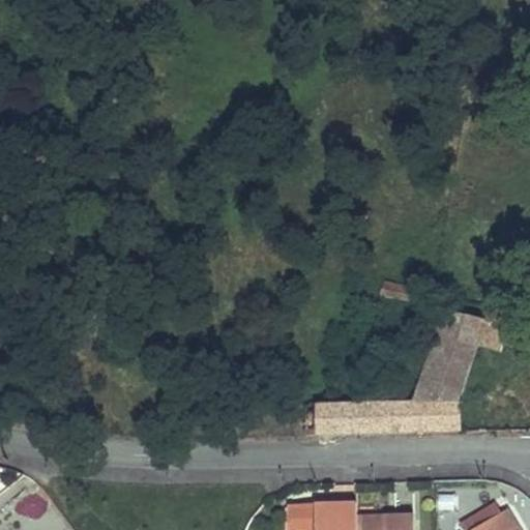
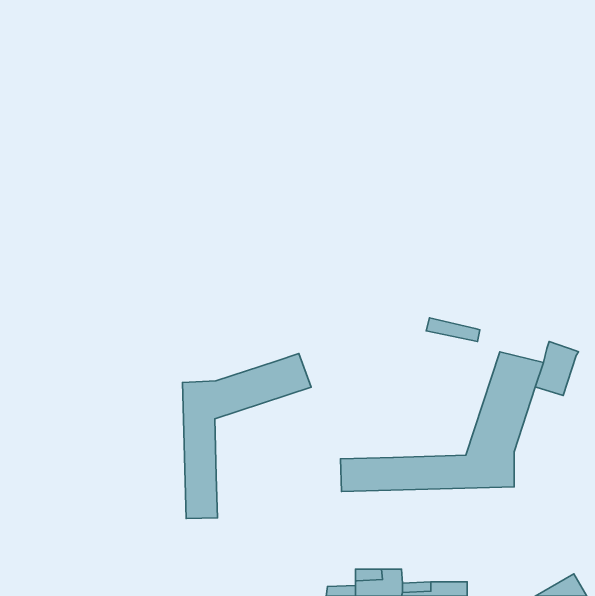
building: none -> [183,353,311,519]

